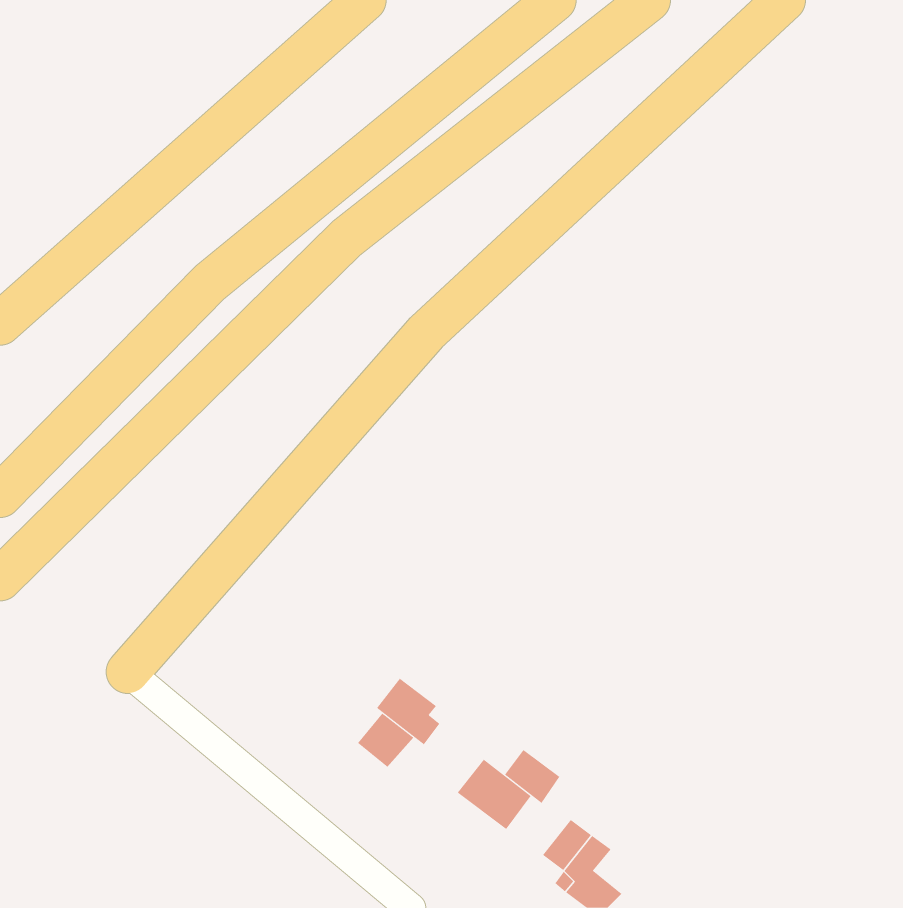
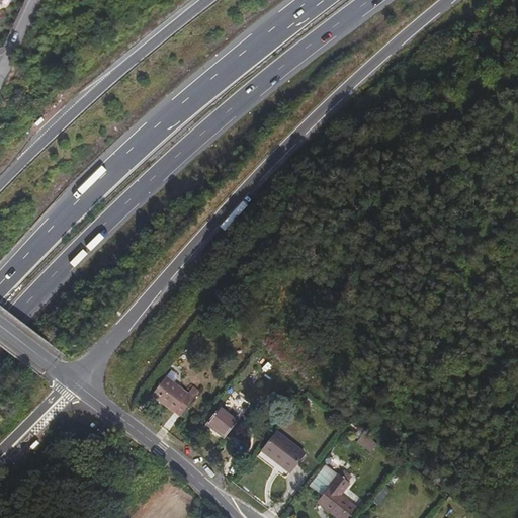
building: [376,678,440,745] -> [153,376,189,415]
building: [504,749,560,804] -> none

